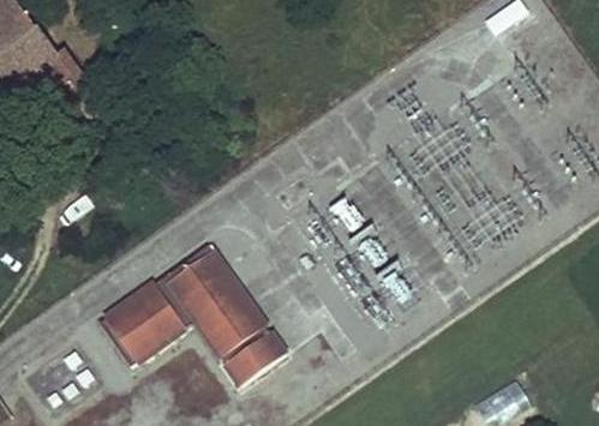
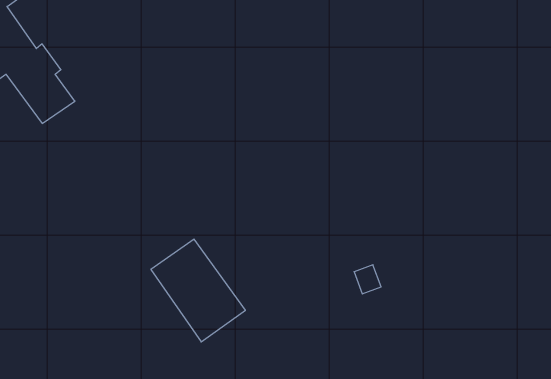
building: [103,282,185,360] -> none
building: [222,328,283,382] -> none

